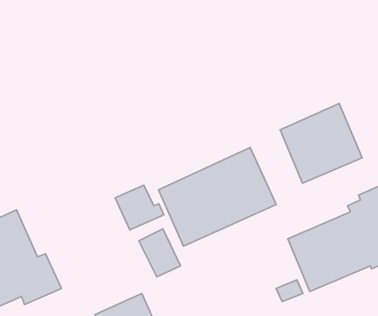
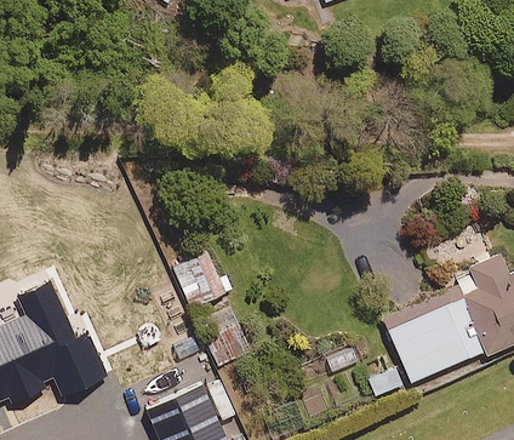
building: [280,104,362,183] -> none
building: [159,147,276,246] -> none

